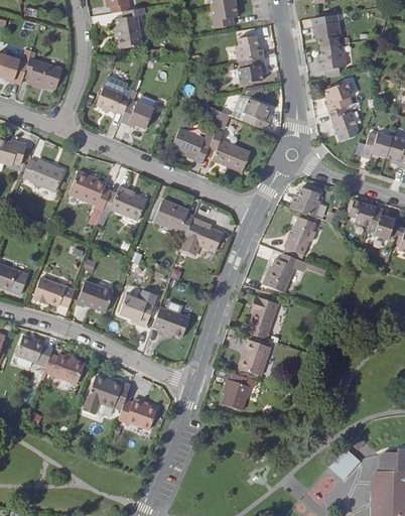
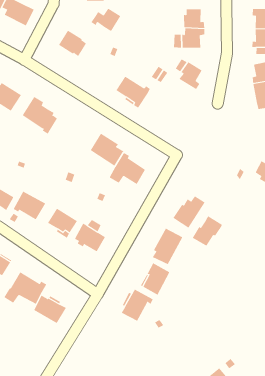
building: [120,102,154,129] -> [91,8,121,32]
building: [211,129,251,172] -> none
building: [291,180,322,218] -> none
building: [105,185,147,221] -> none
building: [285,218,318,254] -> [192,215,223,247]

